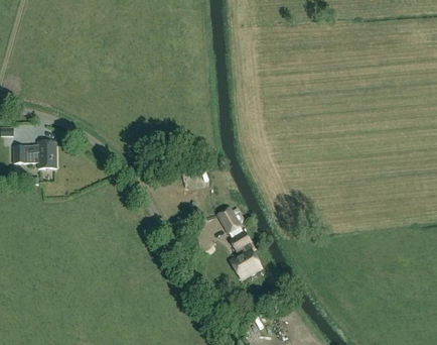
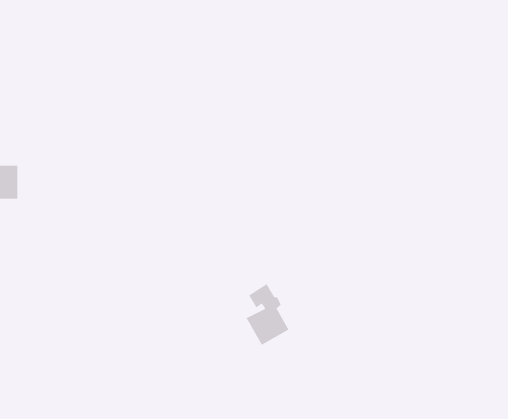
building: [216,207,246,234] -> none

